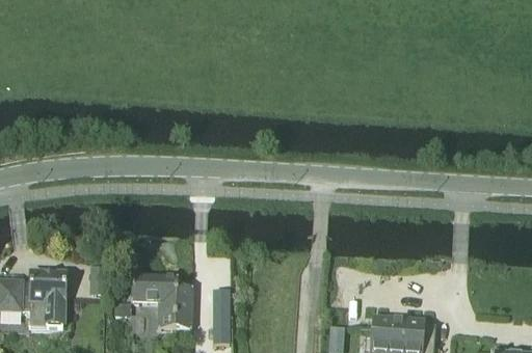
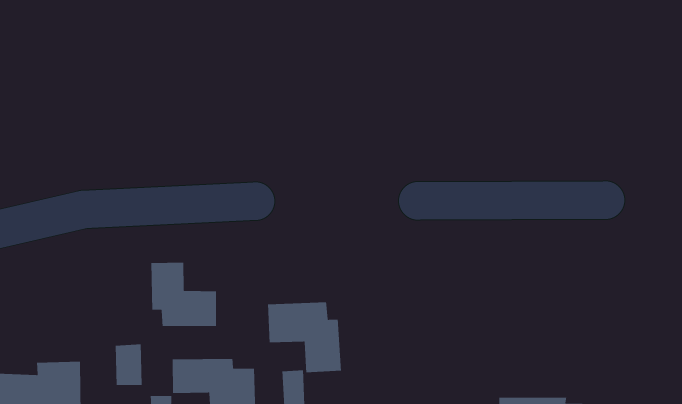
building: none -> [150,262,217,327]
building: none -> [267,301,342,373]

